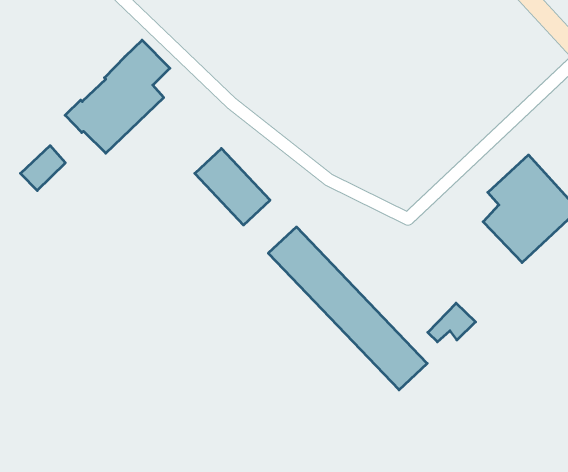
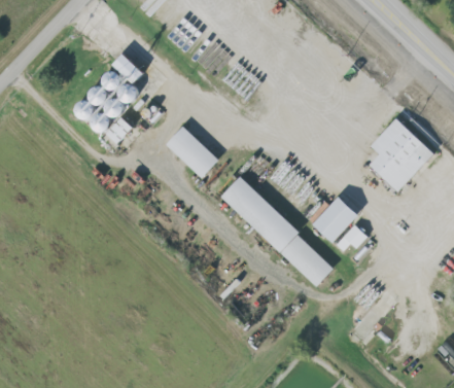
building: [20,146,65,191] -> [102,116,133,148]
building: none -> [313,196,360,242]

